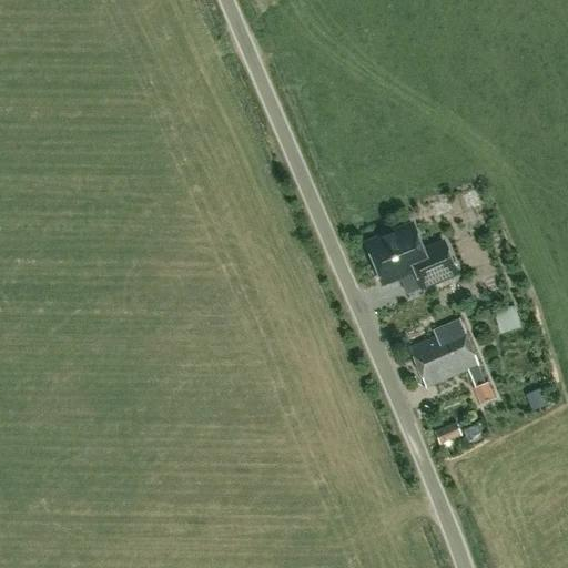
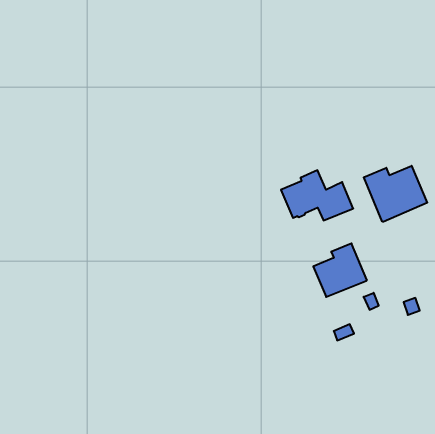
building: none -> [364,166,427,222]

